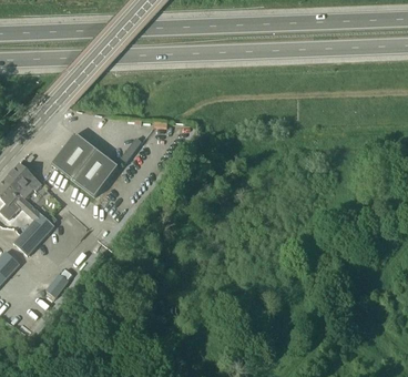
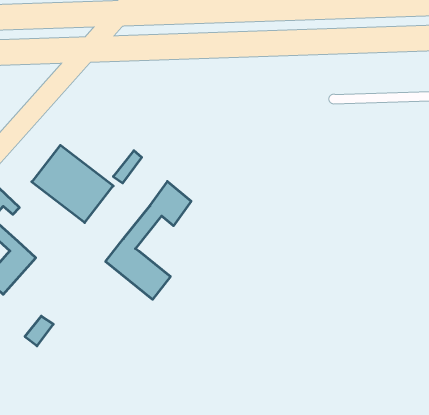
building: none -> [106,181,191,299]

